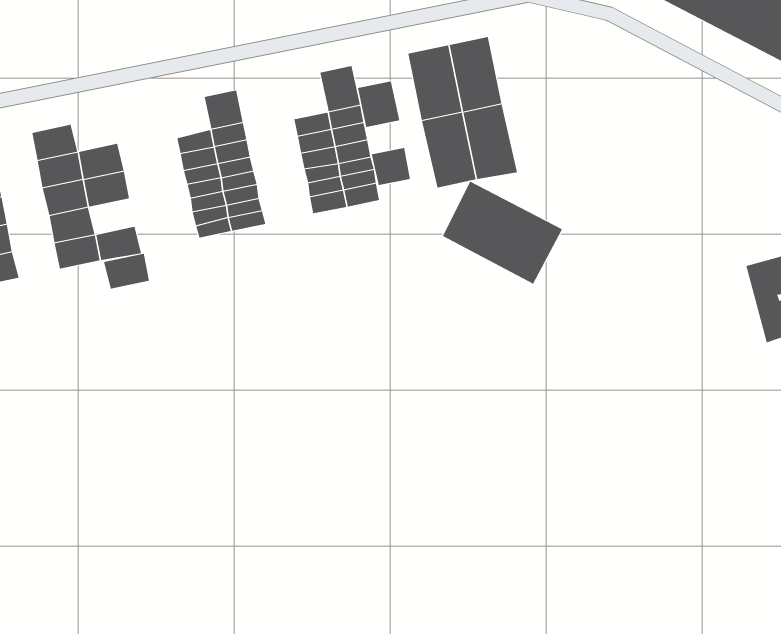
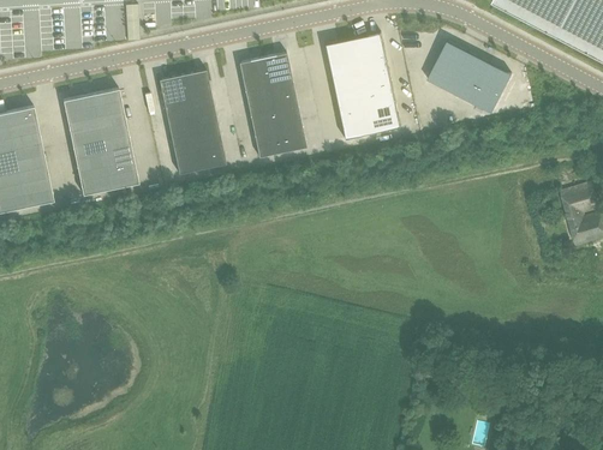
building: [357,81,400,127] -> [239,58,269,90]
building: none -> [159,74,187,103]
building: none -> [90,88,123,113]
building: [371,147,410,186] -> none
building: [442,181,563,284] -> [428,41,512,113]
building: [103,253,150,289] -> [102,145,135,170]

